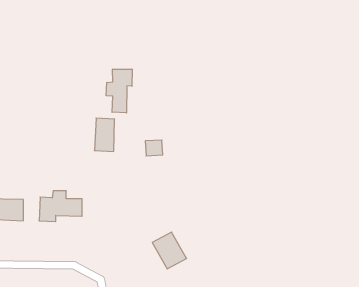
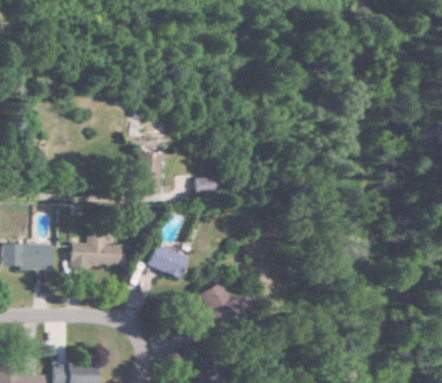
building: [106,69,132,113] -> none
building: none -> [146,245,187,279]

